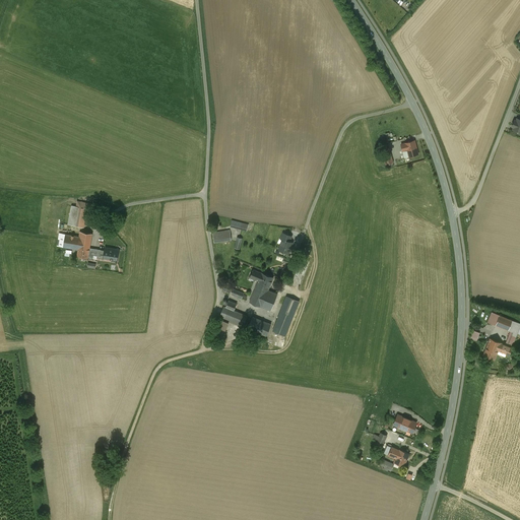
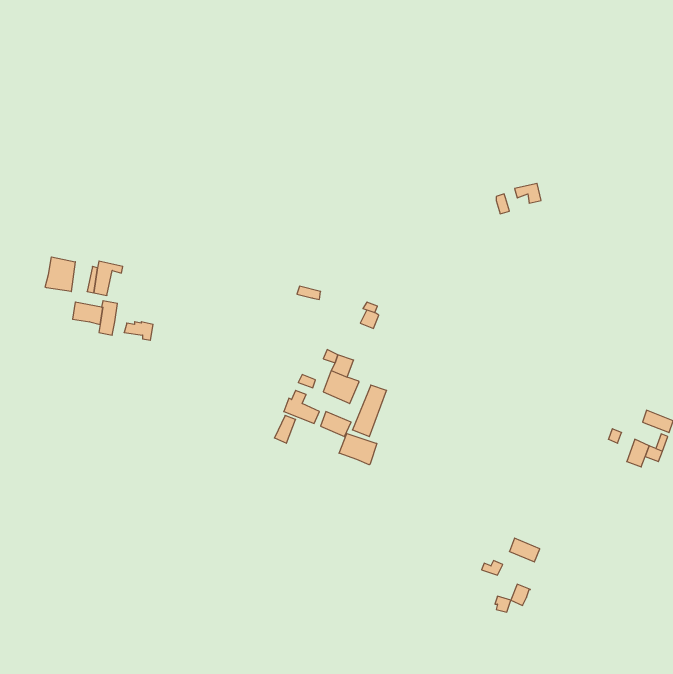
building: none -> [45,257,75,292]
building: none -> [339,434,377,465]

